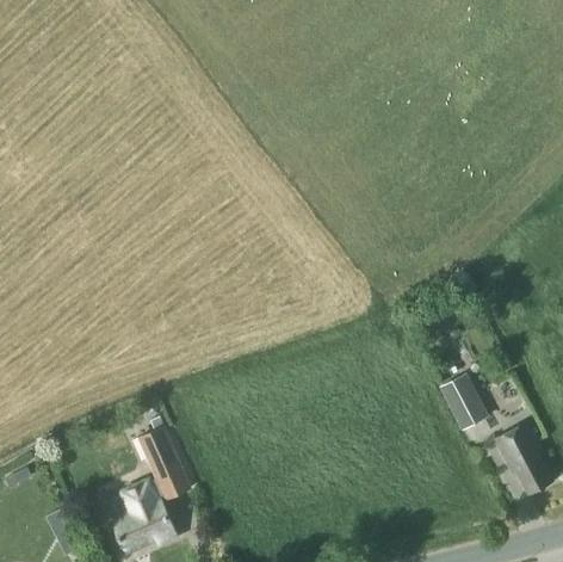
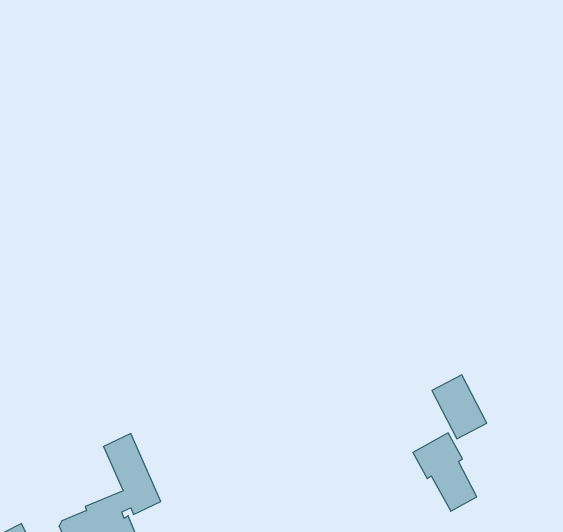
building: [494,424,552,495] -> [413,433,477,511]

